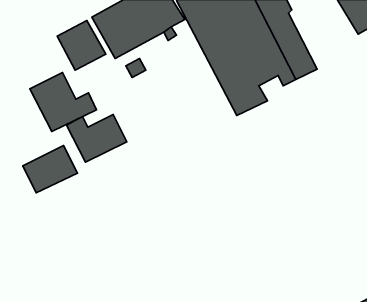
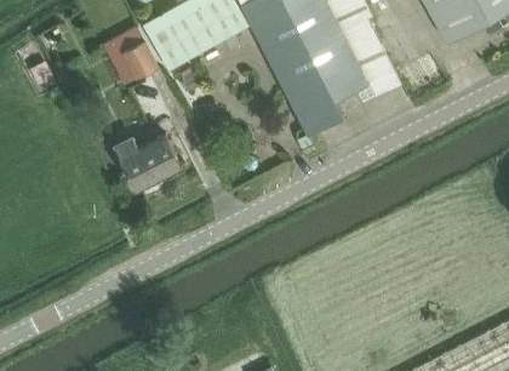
building: [30,72,96,132] -> none
building: [23,146,78,193] -> none

